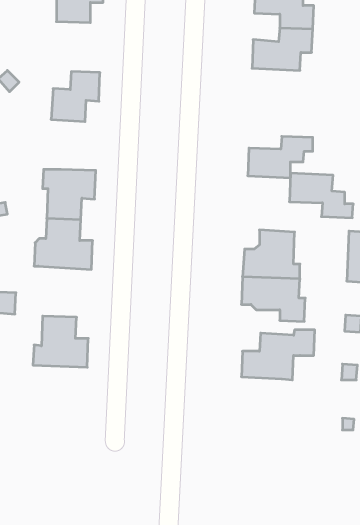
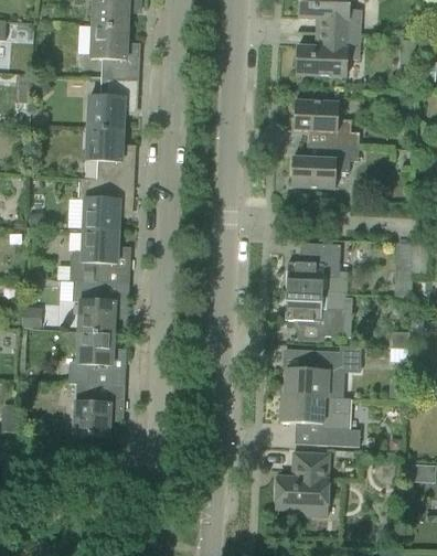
building: none -> [89,25,139,78]
building: none -> [85,127,134,180]
building: [289,173,353,218] -> [292,99,359,146]
building: none -> [73,279,128,332]
building: none -> [67,382,124,435]
building: none -> [279,393,359,446]
building: none -> [275,452,327,514]

